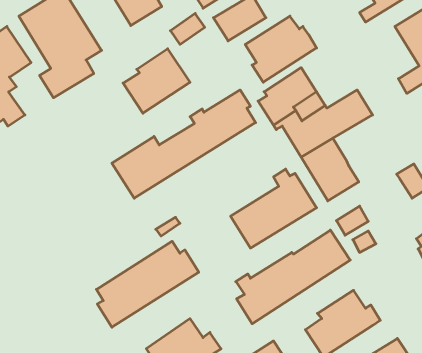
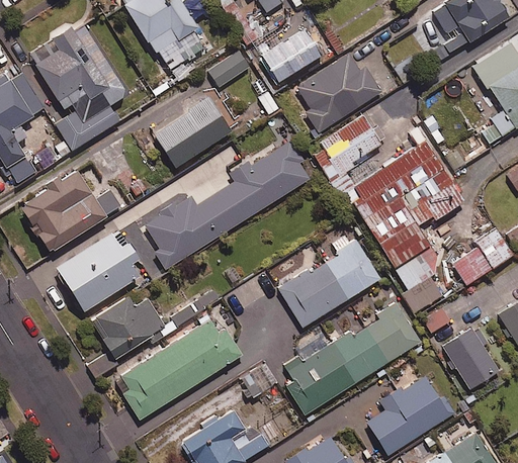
building: none -> [20,170,120,253]
building: none -> [400,170,465,224]
building: none -> [56,227,140,311]
building: none -> [450,246,493,285]
building: none -> [394,249,437,290]
building: none -> [86,297,165,378]
building: none -> [441,326,499,390]

